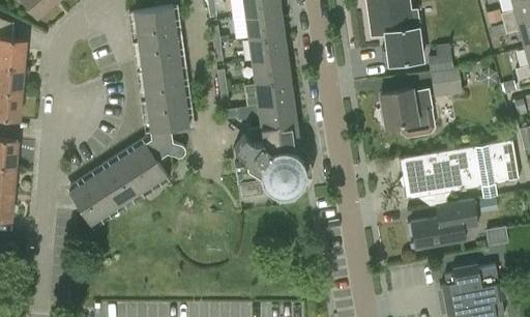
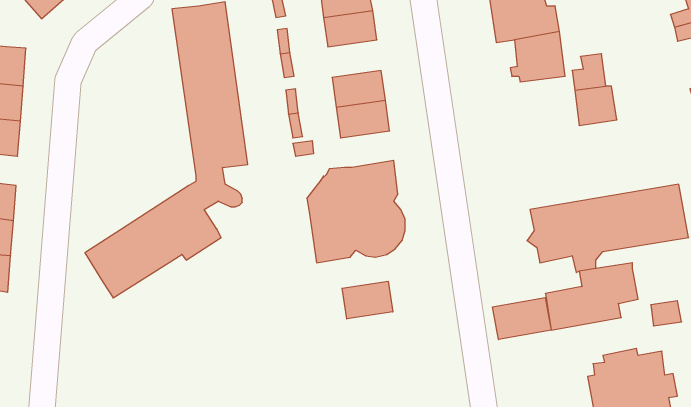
building: [248,34,288,62] -> none
building: [380,89,436,138] -> none
building: [258,102,297,128] -> none
building: none -> [342,281,393,319]
building: none -> [493,298,551,340]

